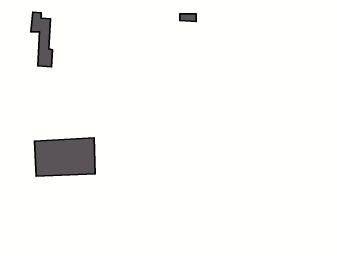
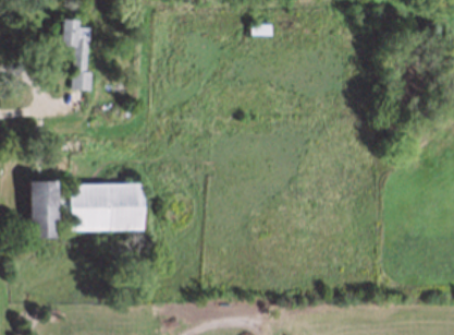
building: none -> [29,186,56,240]

